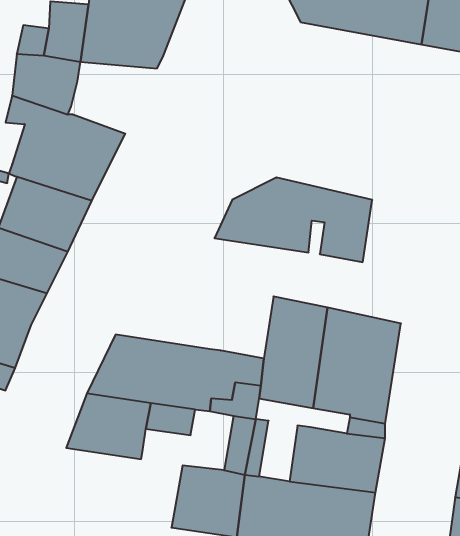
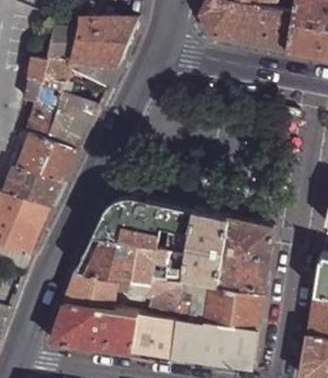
building: none -> [70,63,120,91]
building: [214,178,372,262] -> [94,196,193,249]
building: none -> [49,305,136,355]

